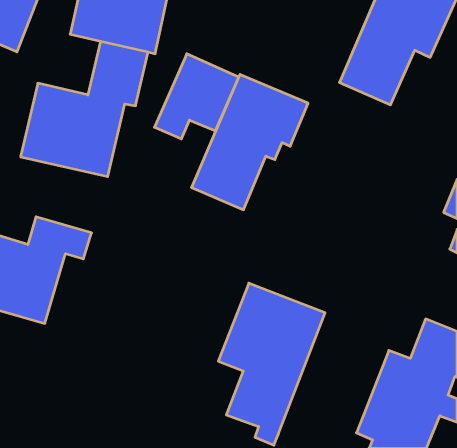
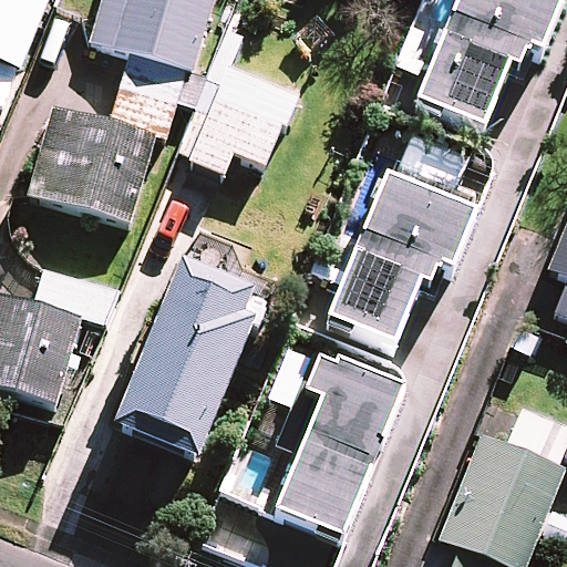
building: [191,74,308,210] -> [330,178,474,346]
building: none -> [117,259,269,460]

